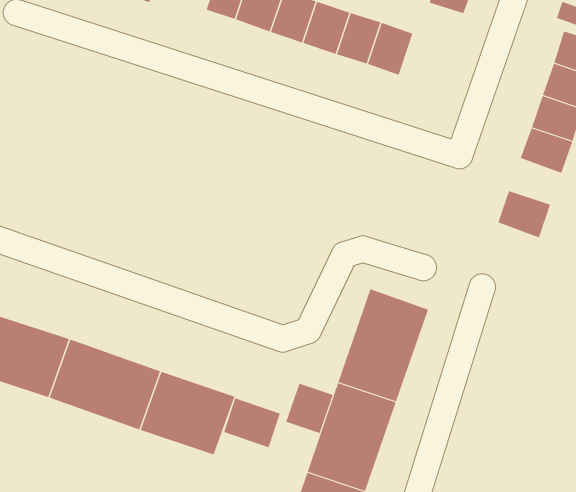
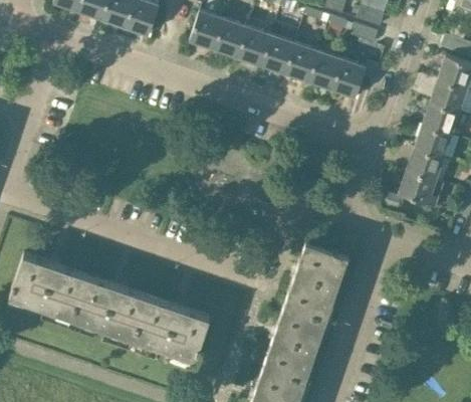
building: none -> [328,57,367,97]
building: none -> [407,147,445,180]
building: [286,383,333,434] -> none
building: [223,397,280,448] -> none

